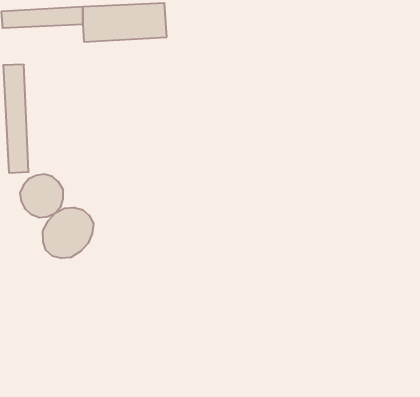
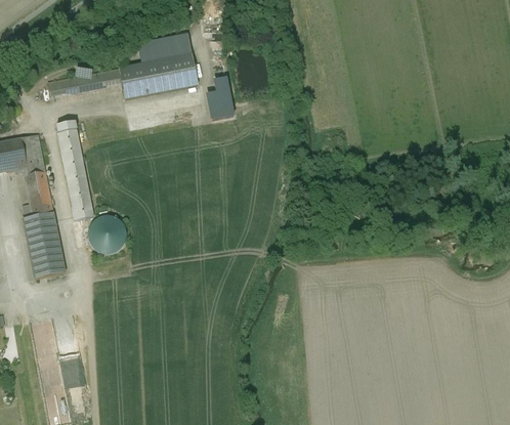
building: none -> [206,75,231,110]
building: [43,207,93,258] -> none

